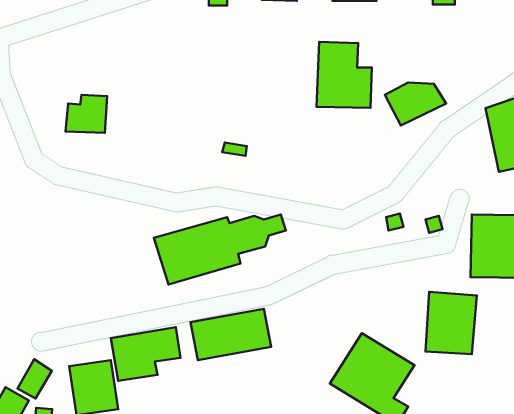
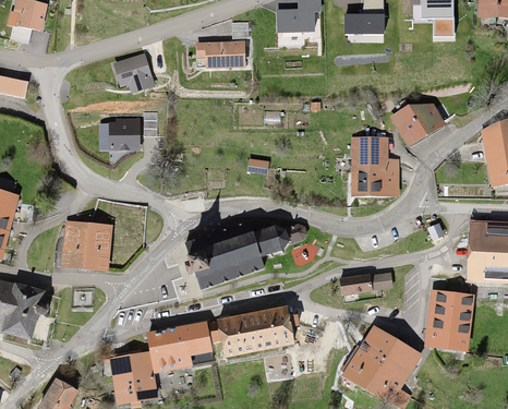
building: none -> [194,40,245,64]
building: none -> [110,53,152,88]
building: [317,42,372,108] -> [350,137,399,196]
building: none -> [60,221,111,269]
building: none -> [340,273,389,292]
building: [18,359,52,399] -> none

